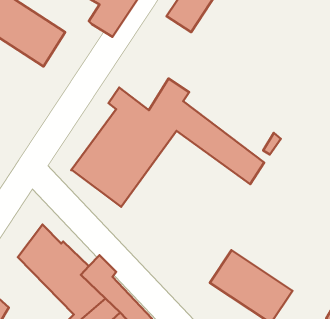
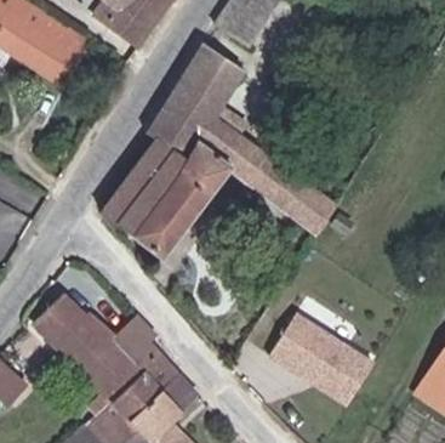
building: none -> [155,42,238,141]

